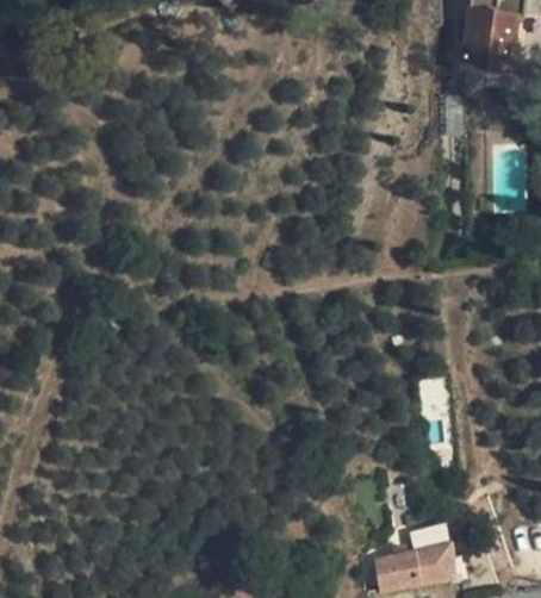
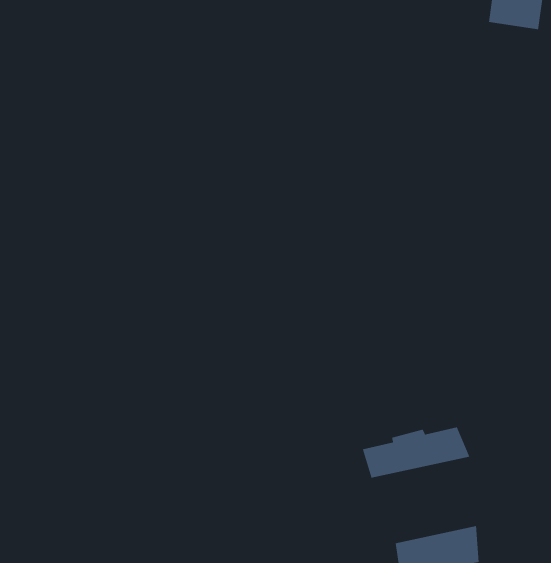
building: none -> [362,426,470,478]

